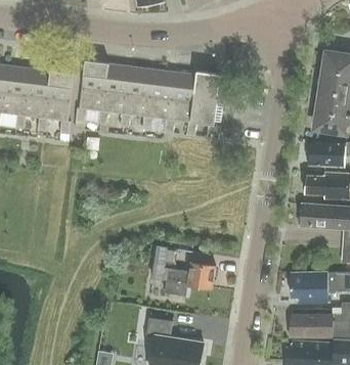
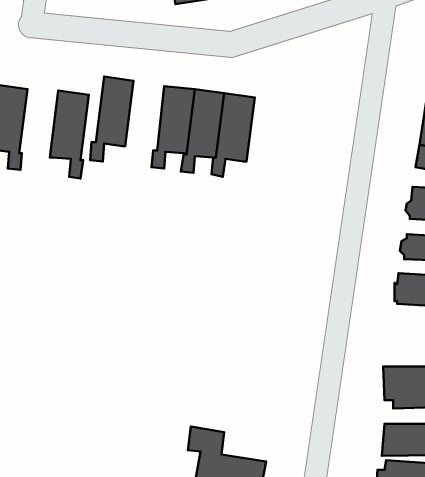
building: [97,62,129,124] -> none
building: [23,69,51,131] -> none
building: [185,71,224,138] -> none
building: [150,246,215,295] -> none

